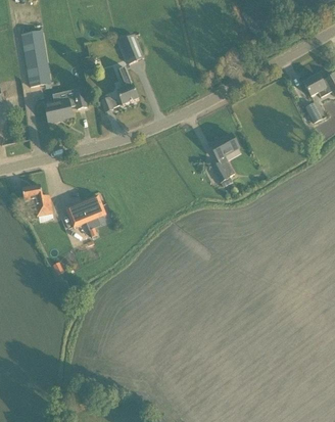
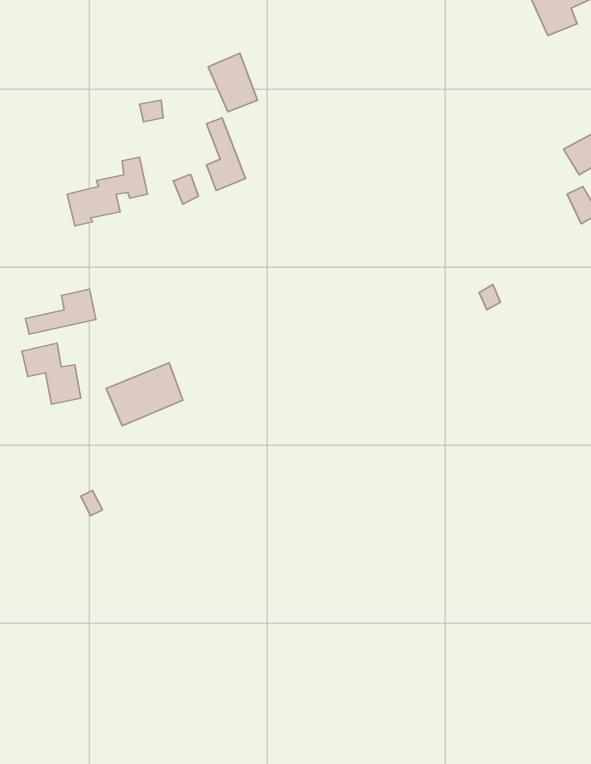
building: [19,30,50,86] -> none
building: [209,133,238,186] -> none
building: none -> [25,289,96,334]

